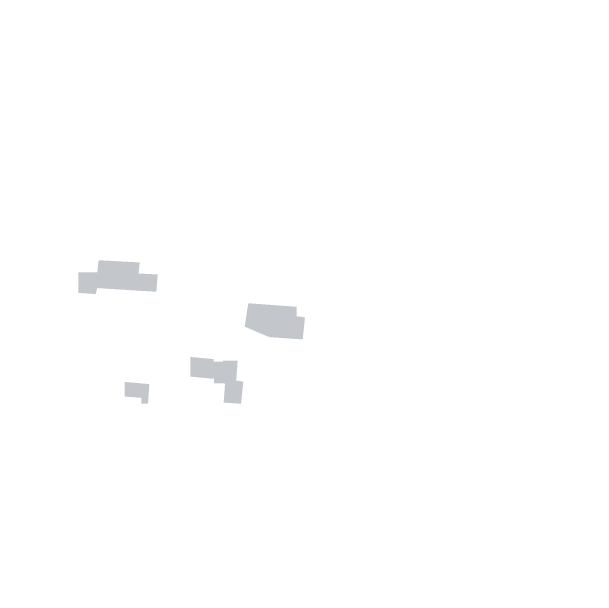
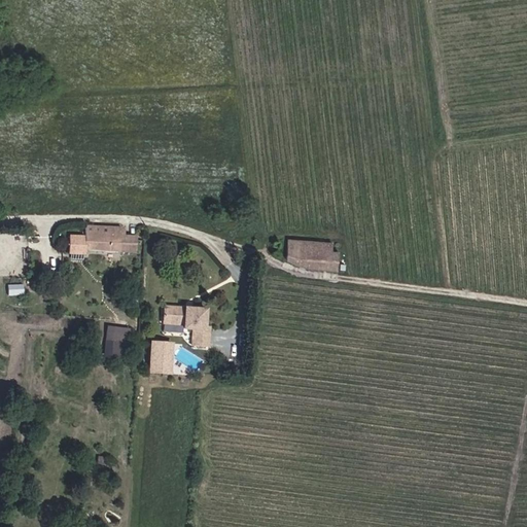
building: [244,303,306,340] -> [285,238,339,270]
building: none -> [151,345,173,376]

